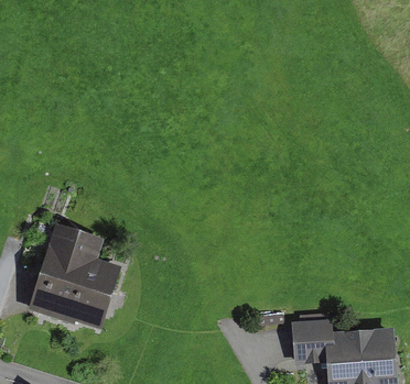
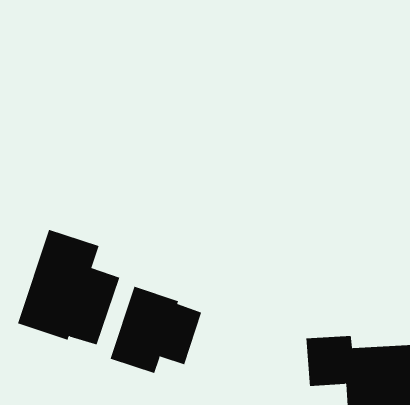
building: none -> [110,286,202,374]

